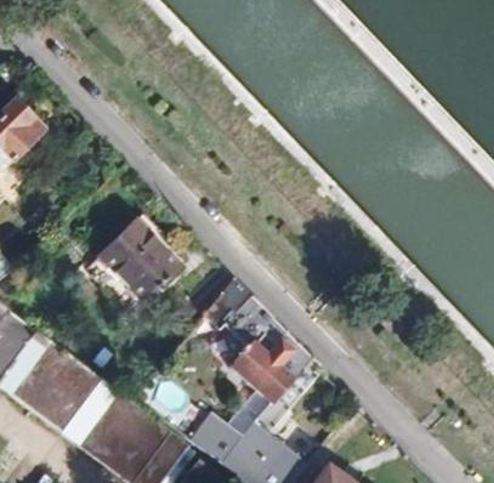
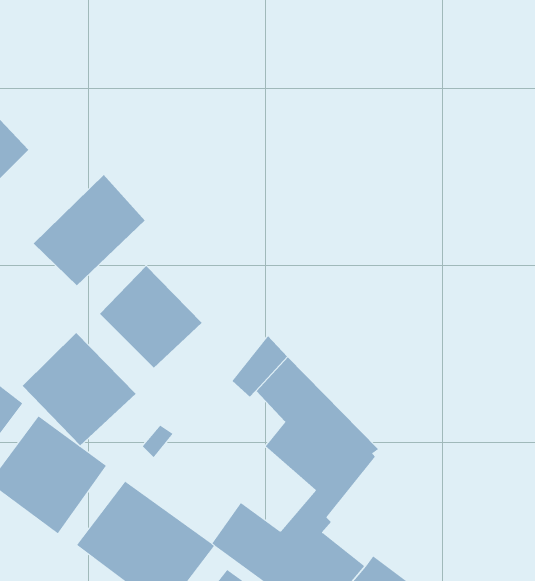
building: none -> [33,174,145,286]
building: none -> [22,332,136,446]

